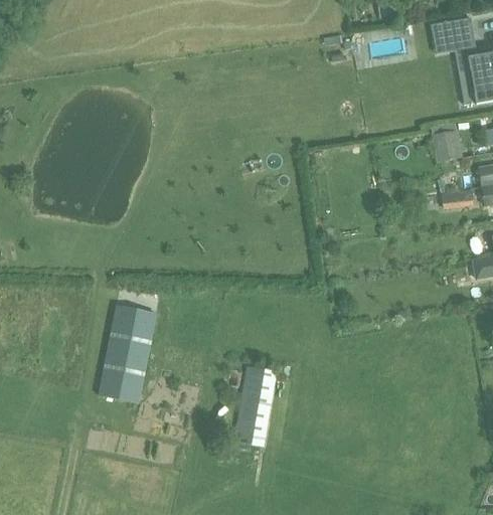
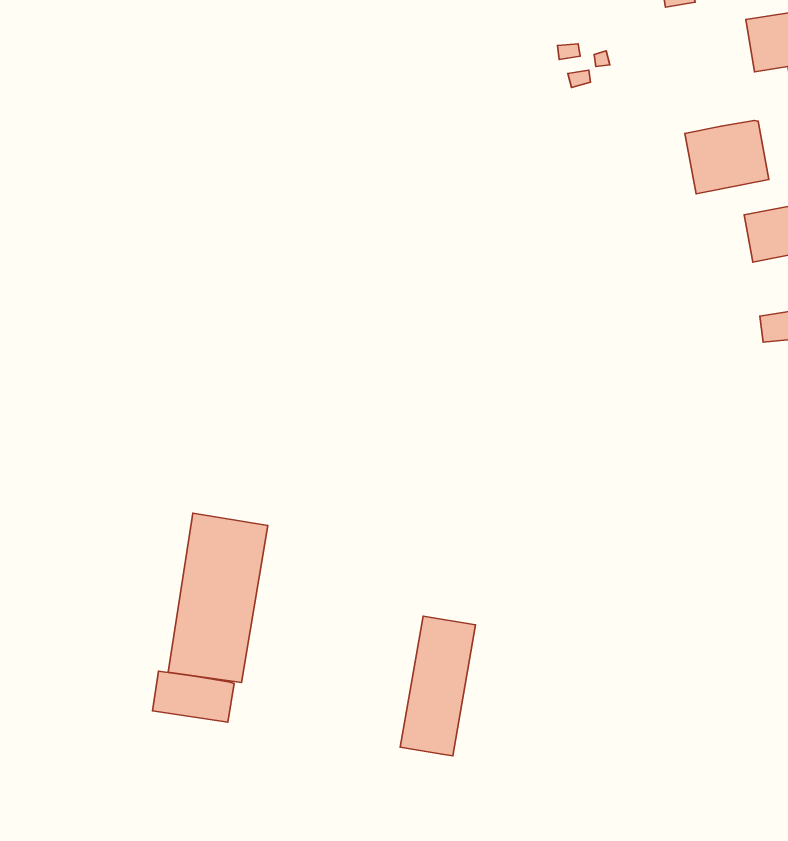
building: none -> [685,121,769,194]
building: none -> [153,671,234,722]

